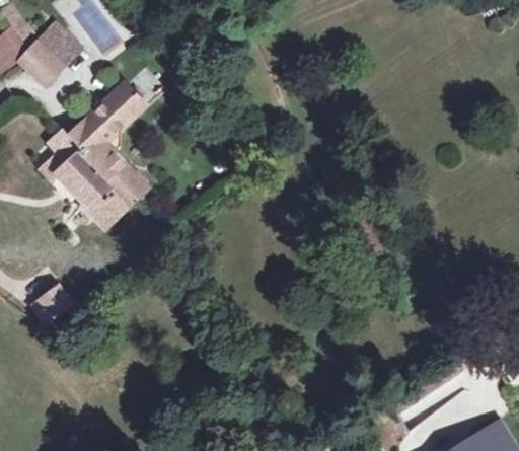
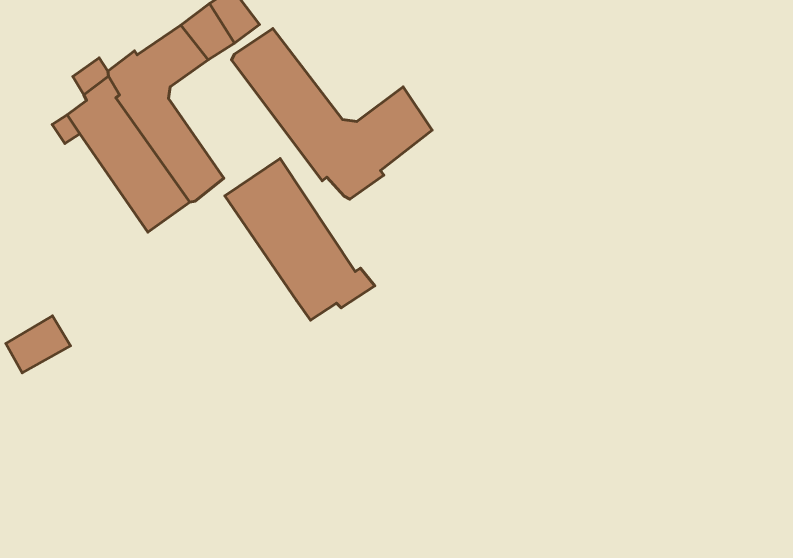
building: none -> [231,29,432,199]
building: none -> [225,159,375,320]

